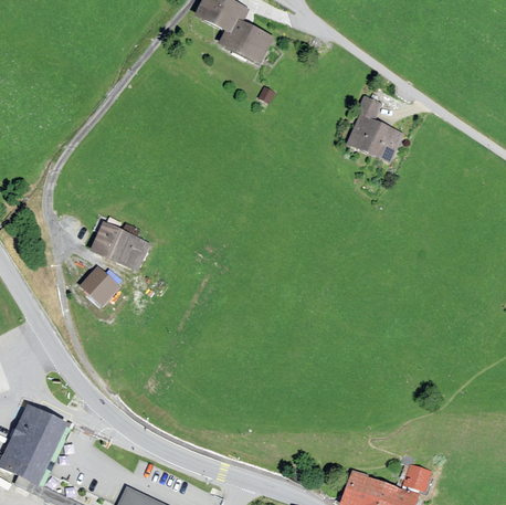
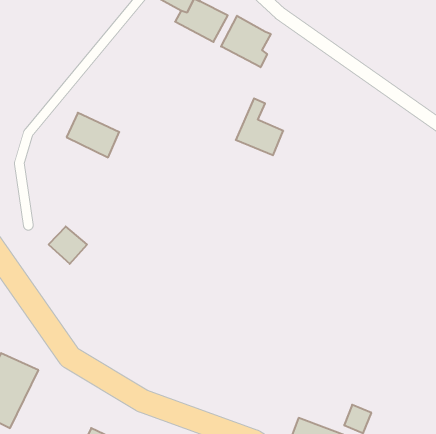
building: none -> [221,16,271,67]
building: [348,97,400,159] -> [236,98,283,155]
building: [92,221,149,270] -> [67,113,119,157]

